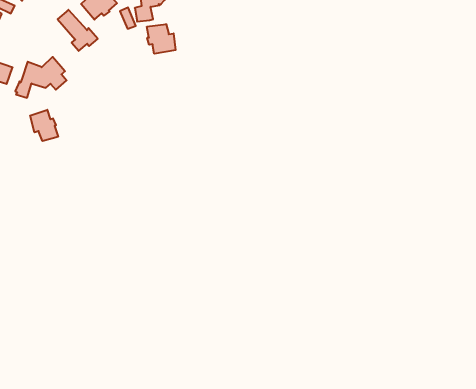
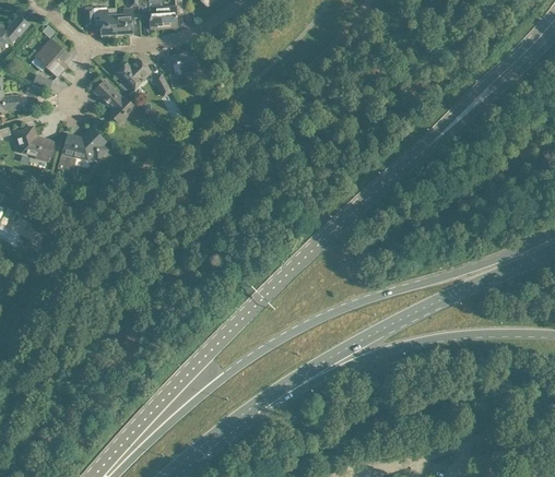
building: [147,24,176,54] -> none
building: [30,110,58,141] -> none

